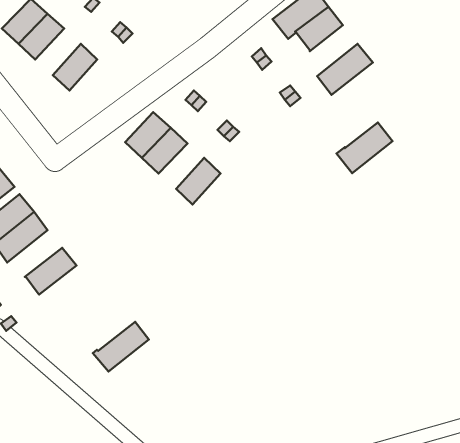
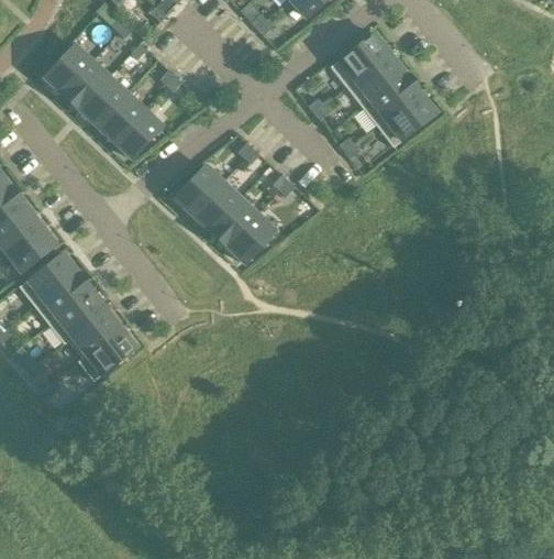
building: none -> [79,75,128,124]
building: none -> [115,108,163,157]
building: [336,122,392,173] -> [362,72,421,125]
building: none -> [210,197,258,245]
building: none -> [49,289,108,342]
building: [93,322,149,372] -> [78,327,137,380]

